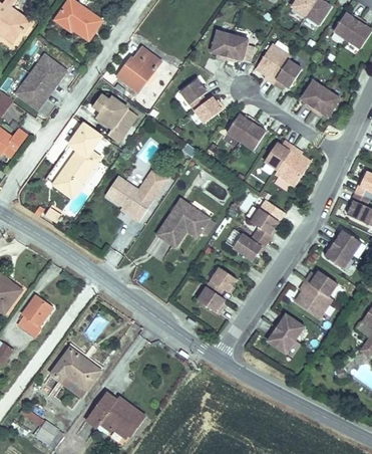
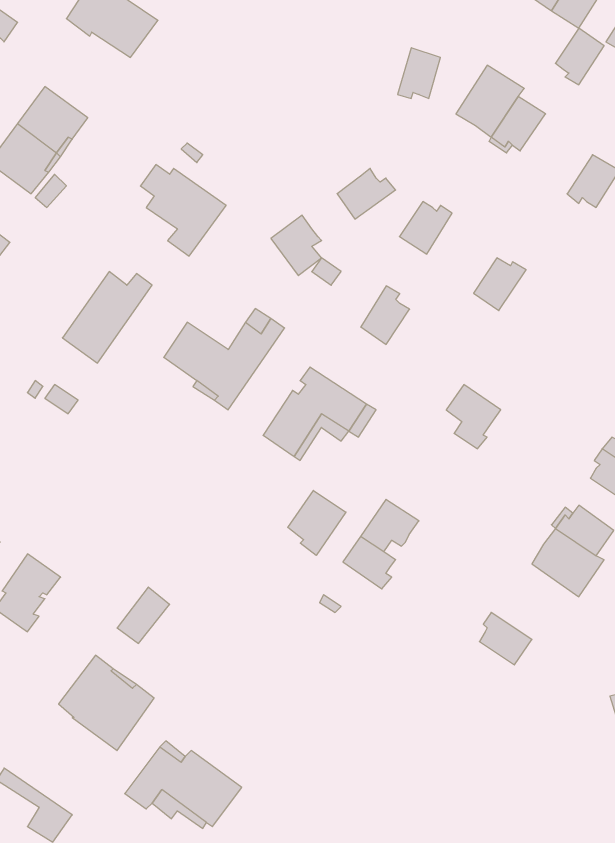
building: [211,30,233,58] -> none
building: [117,47,160,91] -> none
building: [180,78,207,109] -> [271,215,322,276]
building: [301,80,326,109] -> [555,28,604,85]
building: [241,120,266,150] -> [361,286,410,344]
building: [69,124,101,157] -> none
building: [275,149,311,186] -> none
building: [234,233,267,260] -> none
building: none -> [288,490,346,555]
building: [274,313,304,339] -> none

